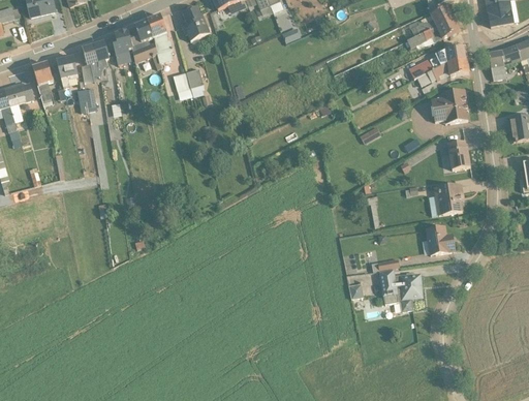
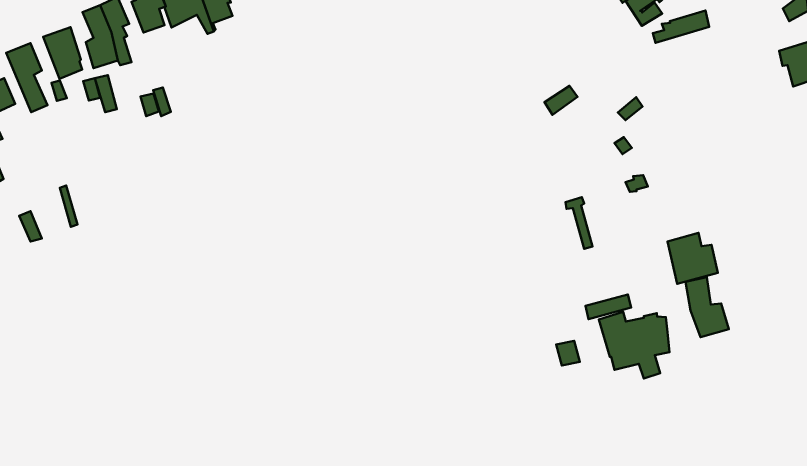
building: [174,70,203,91] -> none
building: [432,99,468,123] -> none
building: [447,141,470,169] -> none
building: [429,183,464,216] -> none
building: none -> [686,277,729,337]

